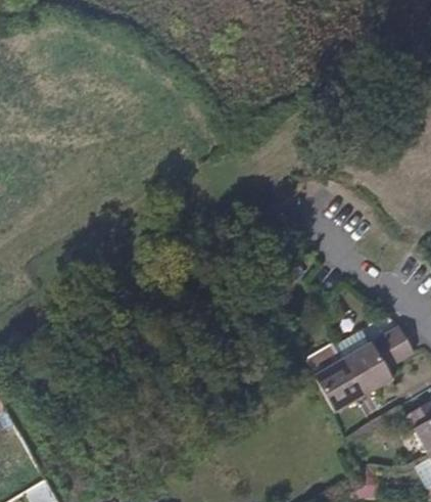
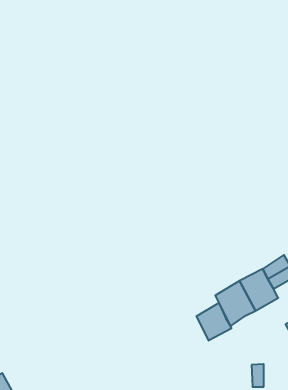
building: none -> [197,303,231,341]

